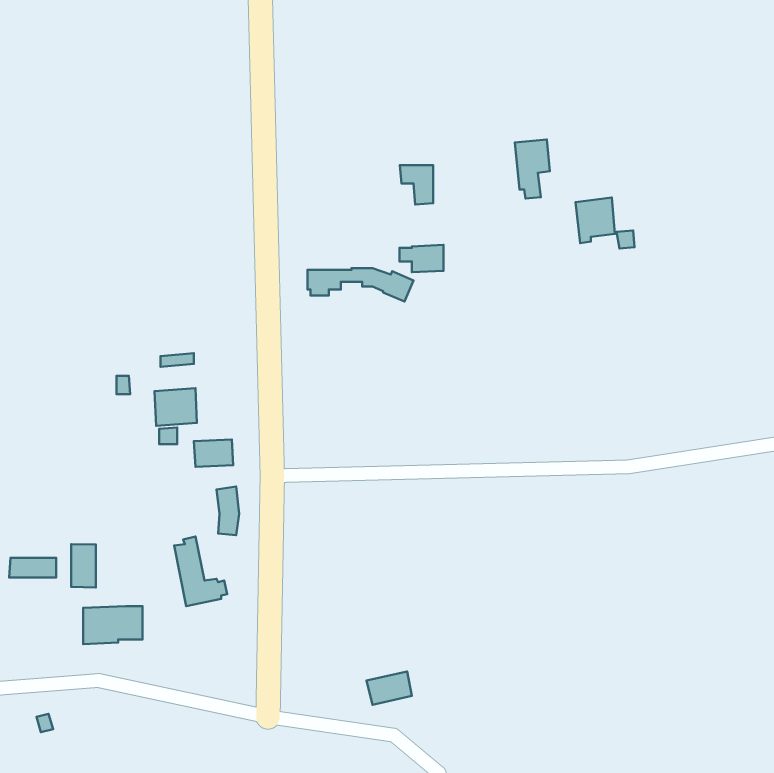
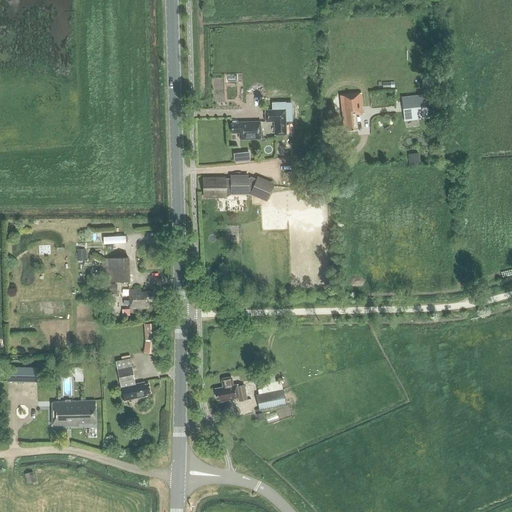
building: [576,198,615,243] -> [402,93,428,123]
building: [400,245,443,272] -> [231,121,260,139]
building: [71,544,96,587] -> none
building: none -> [214,376,247,401]
building: [366,672,412,705] -> [255,388,285,410]

